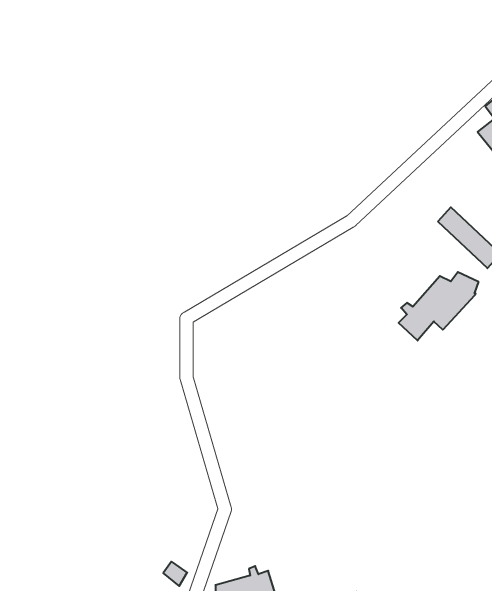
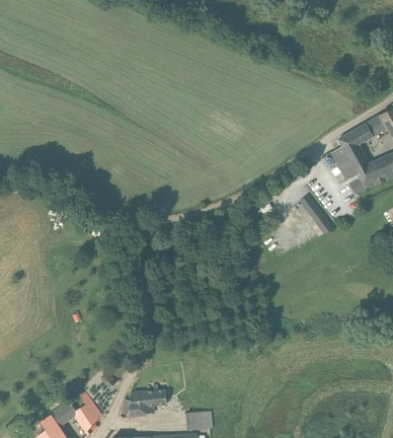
building: [399,272,478,341] -> none

